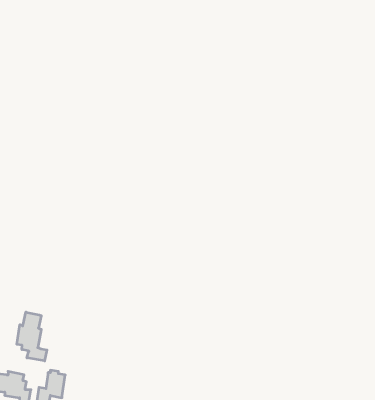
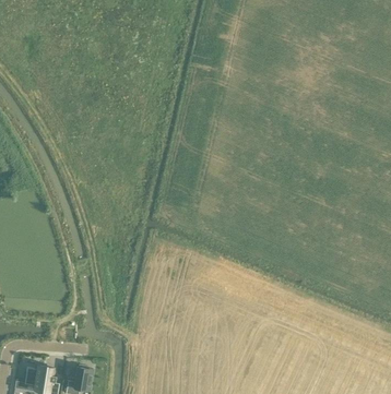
building: [17,312,47,361] -> none

